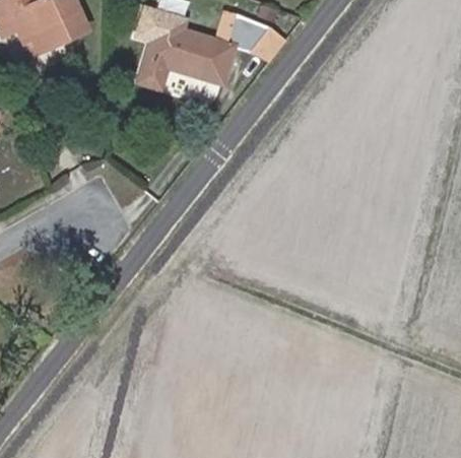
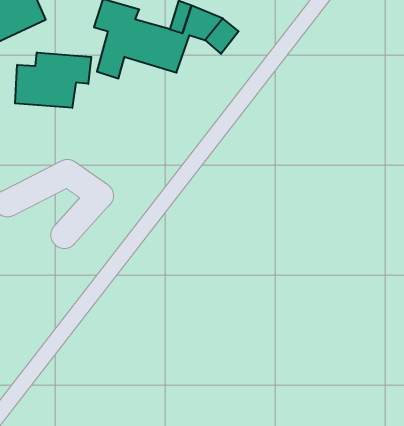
building: none -> [15,52,91,108]

